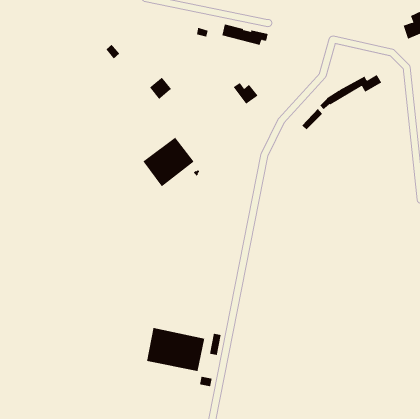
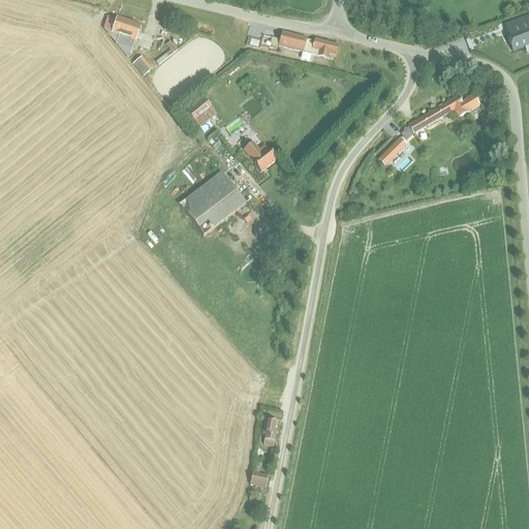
building: none -> [113,15,141,48]
building: [233,82,258,105] -> [245,142,277,169]
building: [147,327,205,372] -> none

